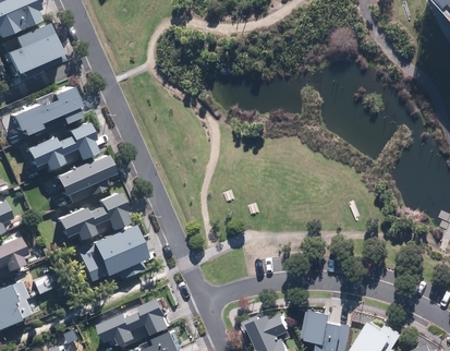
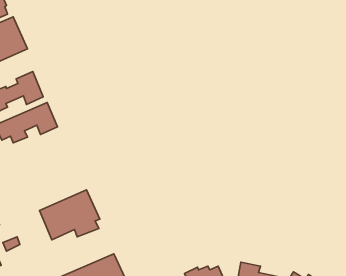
building: [52,155,112,203] -> none
building: [53,193,127,243] -> none

